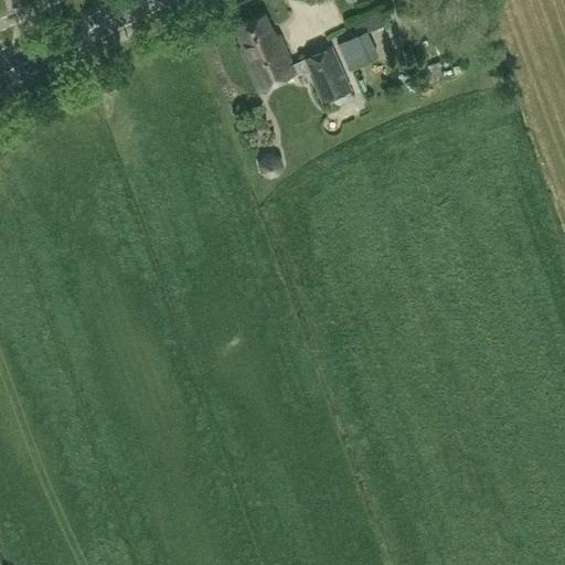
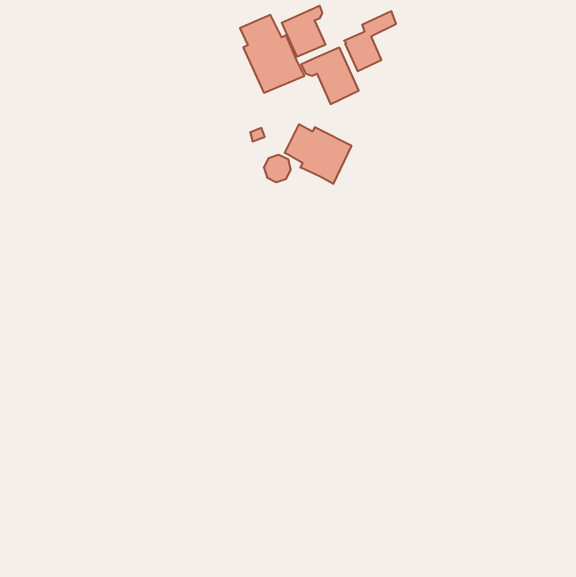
building: none -> [282,6,325,57]
building: none -> [285,124,351,184]

